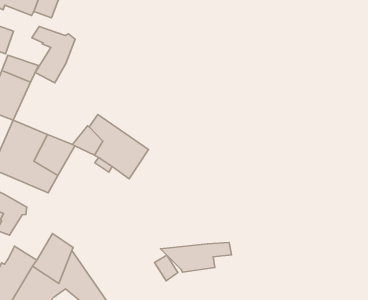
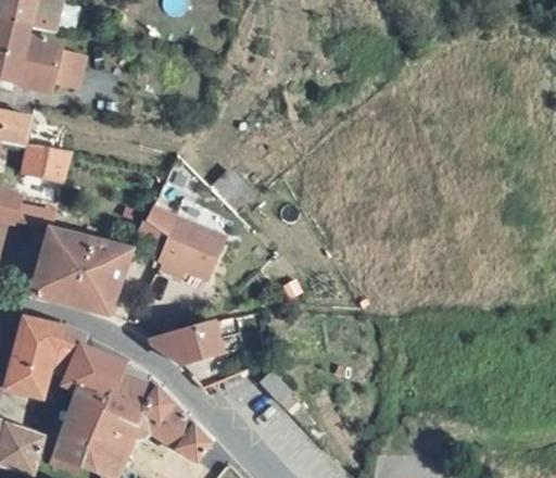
building: [32,27,75,83] -> none
building: none -> [64,345,122,401]
building: [161,242,231,272] -> [148,317,239,365]

